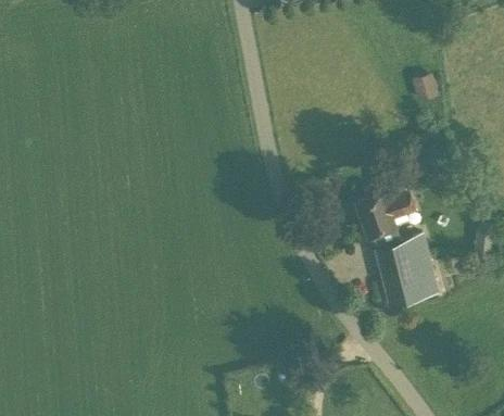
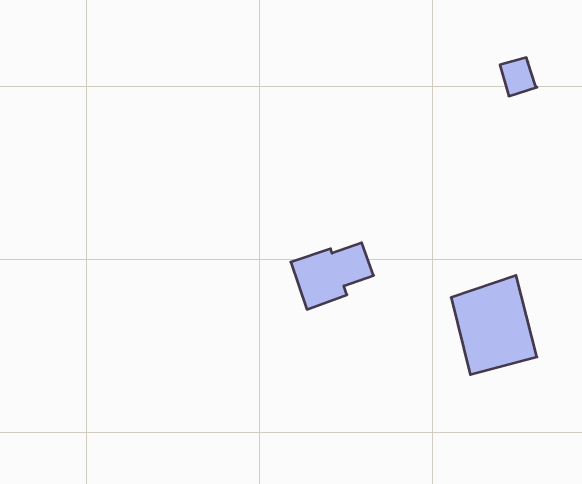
building: [356,188,417,237] -> [291,243,374,309]

